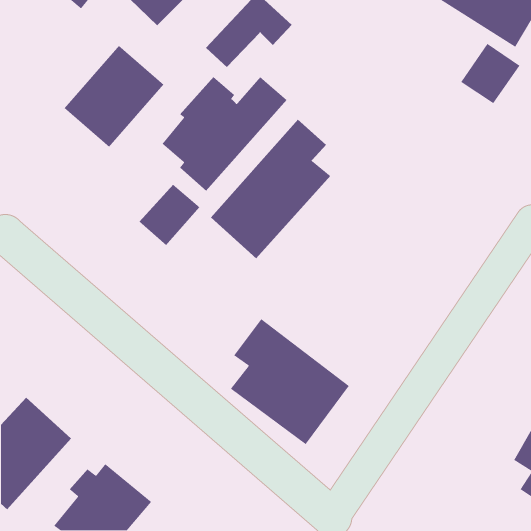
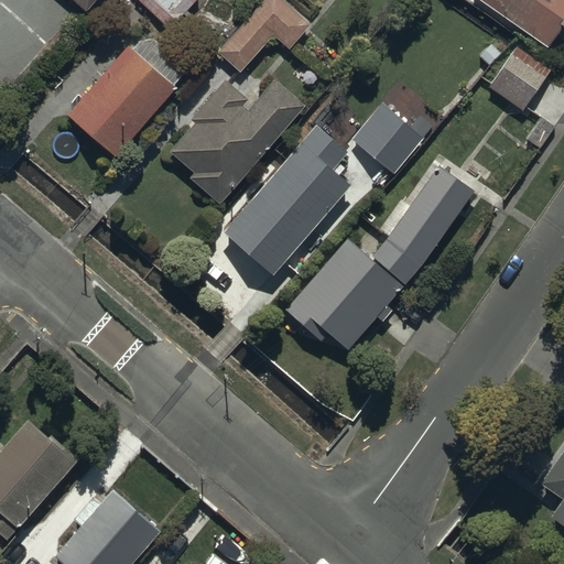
building: none -> [351,104,422,192]
building: none -> [281,165,474,349]
building: [139,184,201,246] -> none
building: [230,318,350,445] -> none

